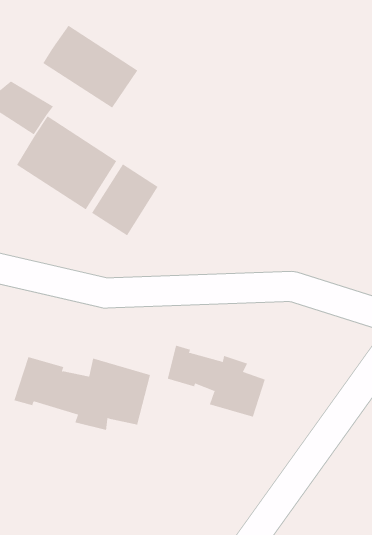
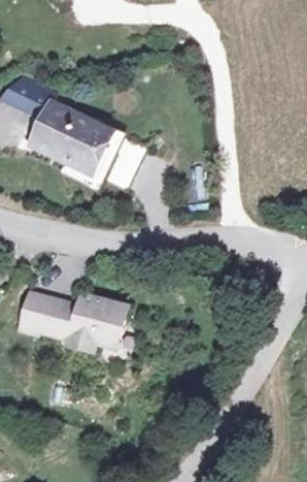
building: [43,25,138,109] -> none
building: [167,345,265,418] -> none

